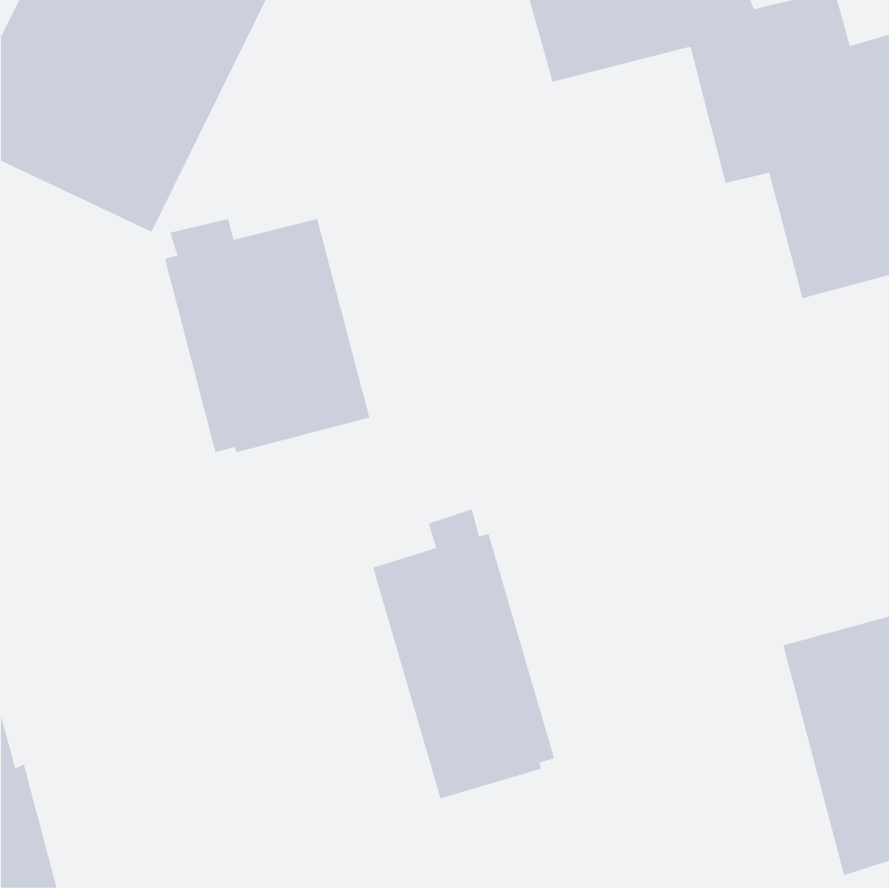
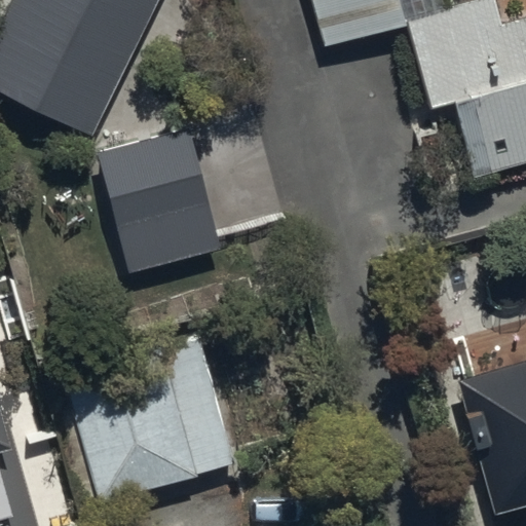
building: [372,508,555,799] -> none
building: none -> [47,339,236,505]

